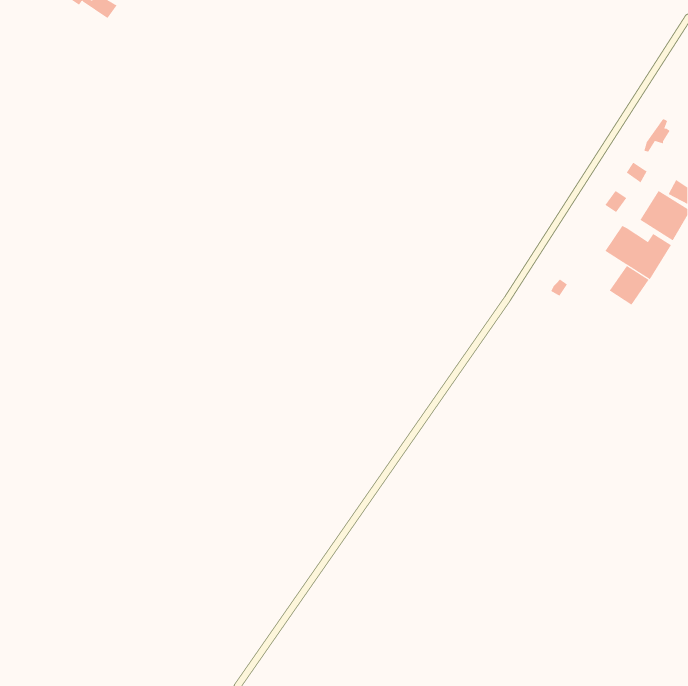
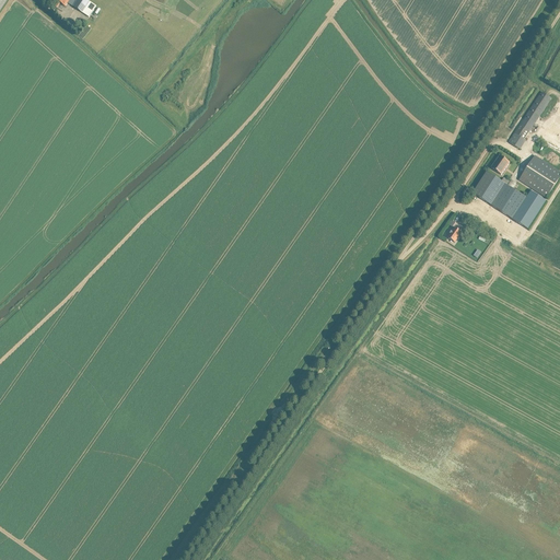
building: [609,265,649,305] -> [471,171,504,203]

